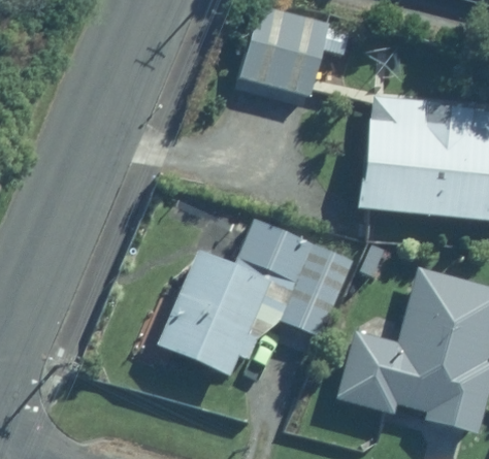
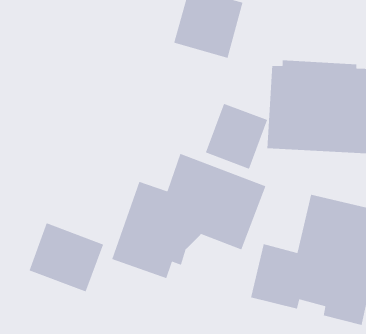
building: none -> [205,103,268,170]
building: none -> [28,222,104,293]

